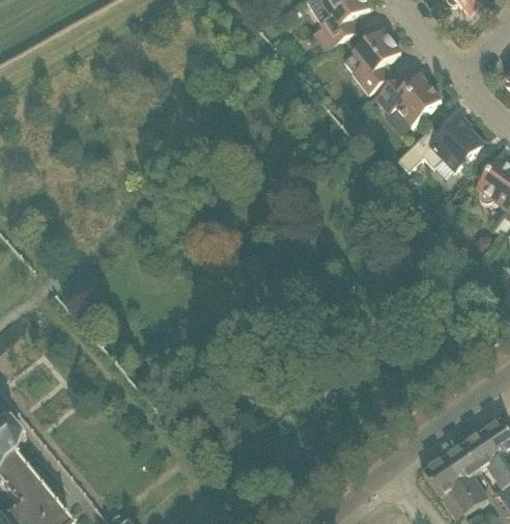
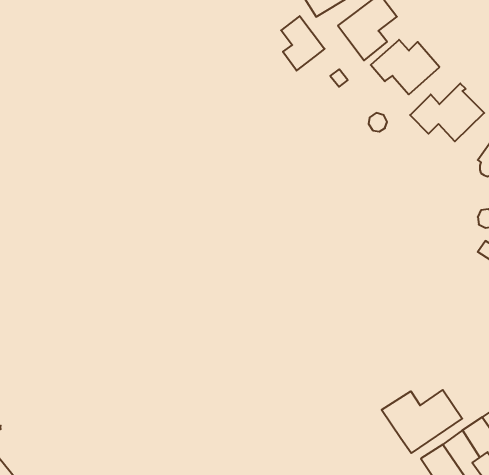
building: none -> [281,16,325,71]
building: none -> [382,390,462,453]

